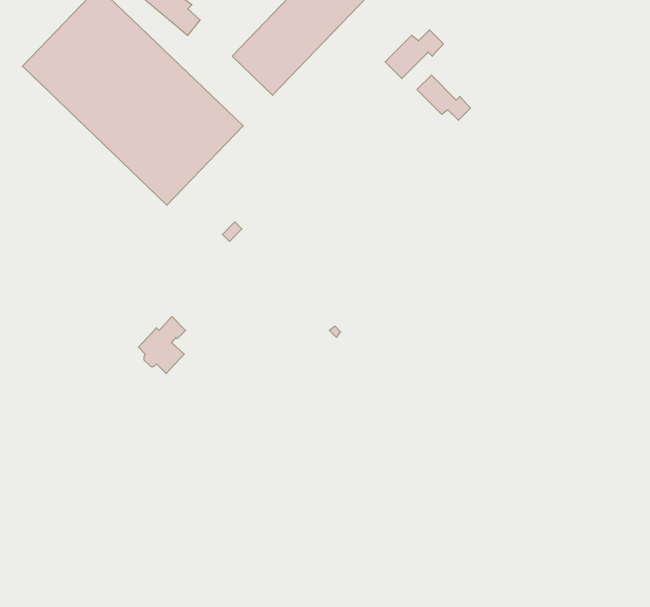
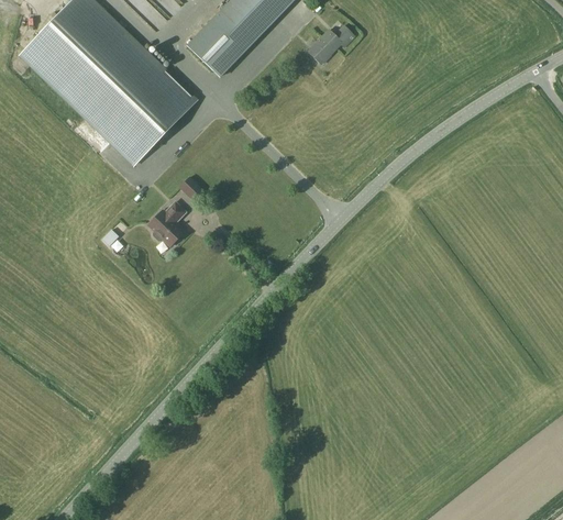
building: [417,75,470,120] -> none
building: [138,317,186,374] -> [148,200,186,245]

